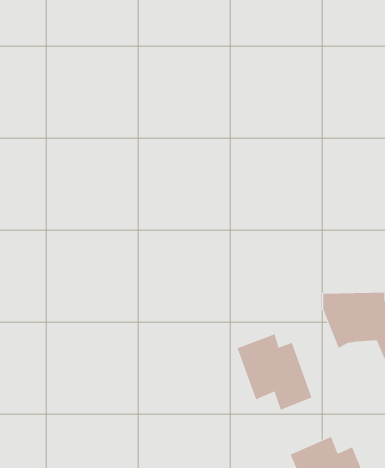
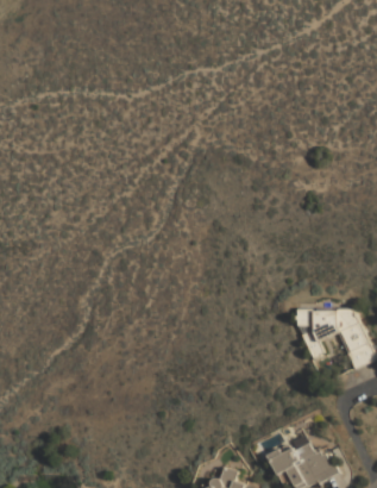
building: [237,333,312,410] -> none

